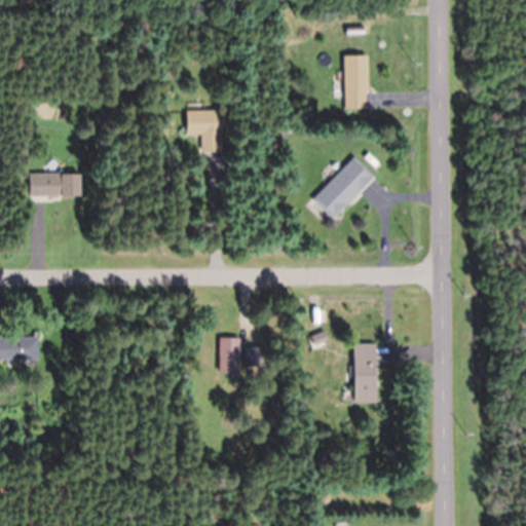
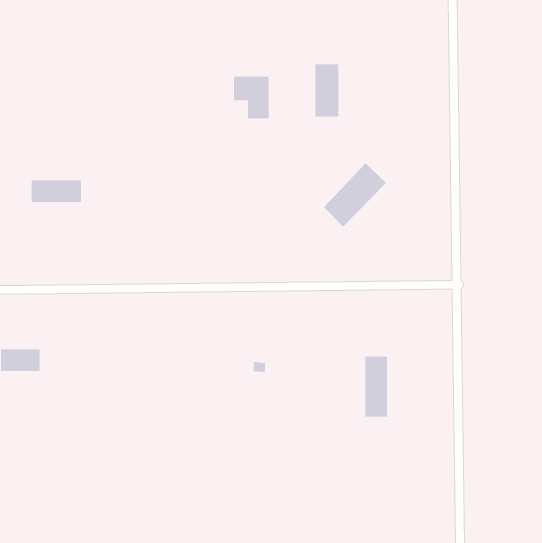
building: [344,55,368,108] -> [315,63,339,118]
building: [187,110,222,152] -> [233,76,269,119]
building: [219,339,240,375] -> none

